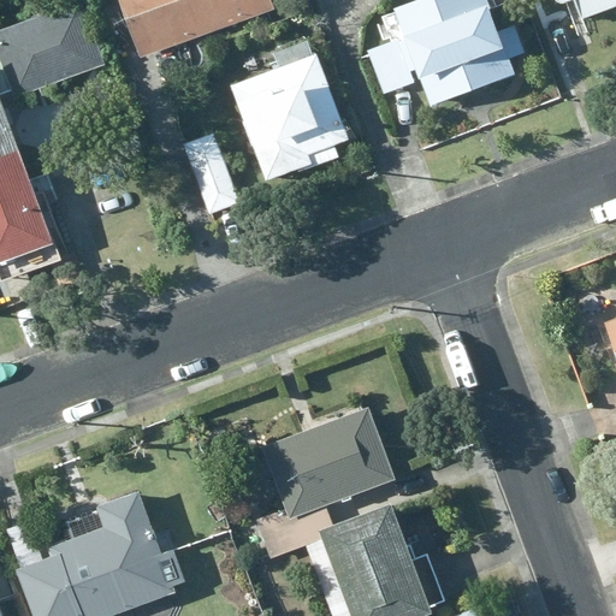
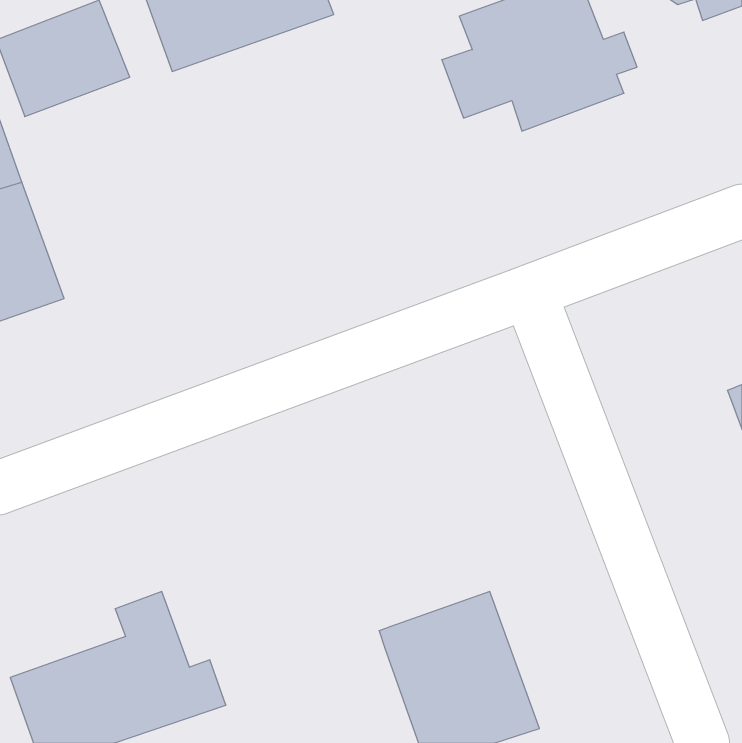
building: [227,54,349,186] -> none
building: [180,134,237,217] -> none
building: [254,410,393,556] -> none

